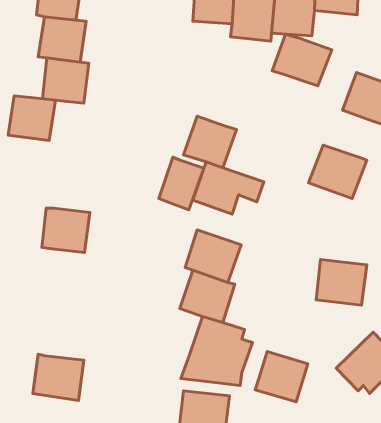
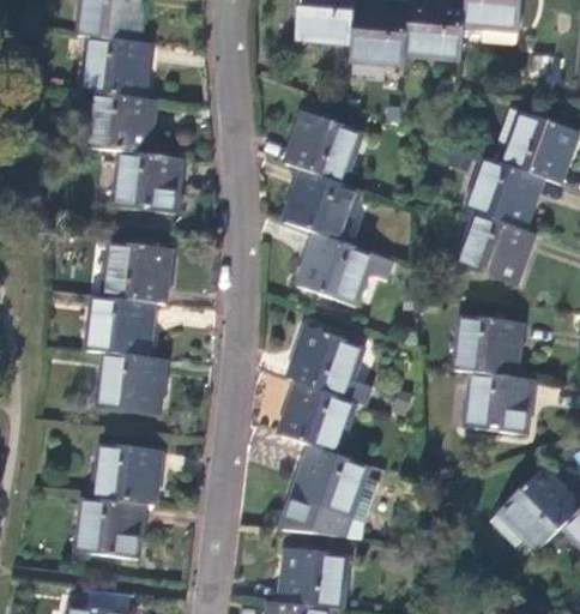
building: [272,34,332,86] -> [463,156,544,227]
building: none -> [284,113,357,183]
building: [8,96,55,140] -> [115,150,180,211]
building: [159,157,204,210] -> none
building: none -> [105,242,170,303]
building: none -> [452,312,520,372]
building: none -> [99,353,168,414]
building: none -> [93,444,163,506]
building: [255,351,308,402] -> none

